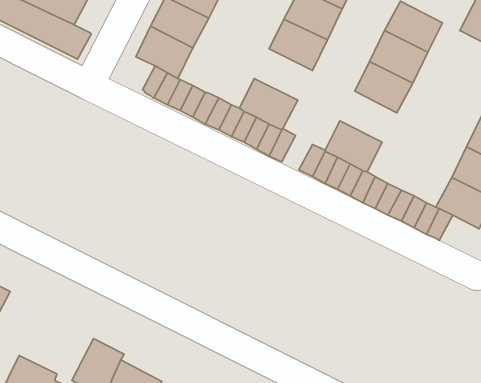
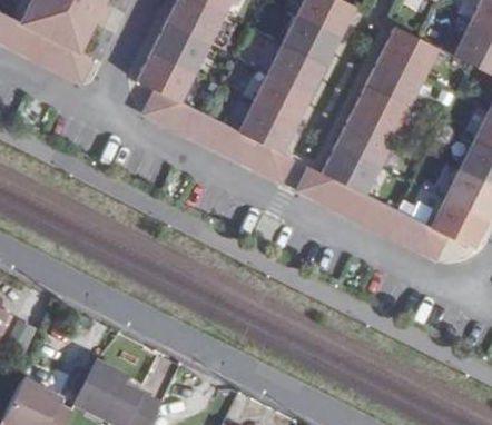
building: none -> [253,75,309,125]
building: none -> [336,116,392,166]

